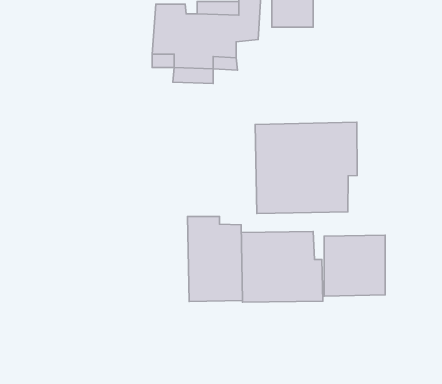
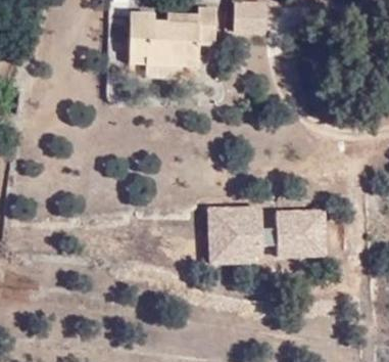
building: [255,122,357,213] -> none
building: [188,217,242,301] -> none

